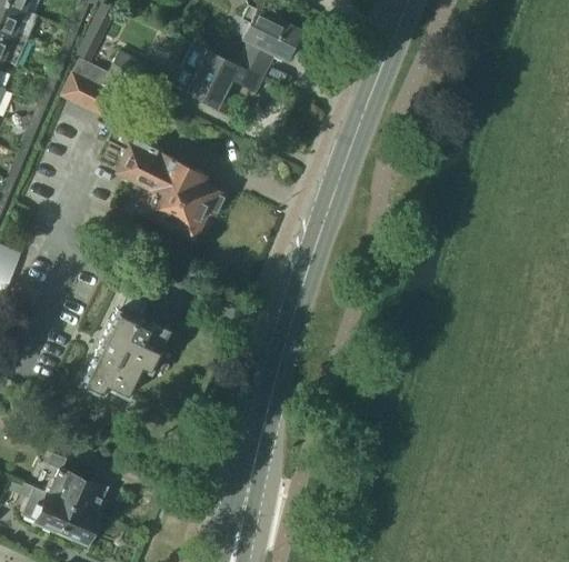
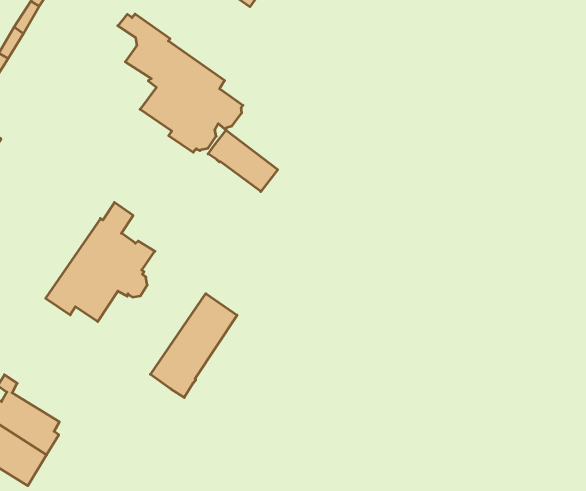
building: none -> [208,130,278,192]
building: none -> [150,294,237,398]

